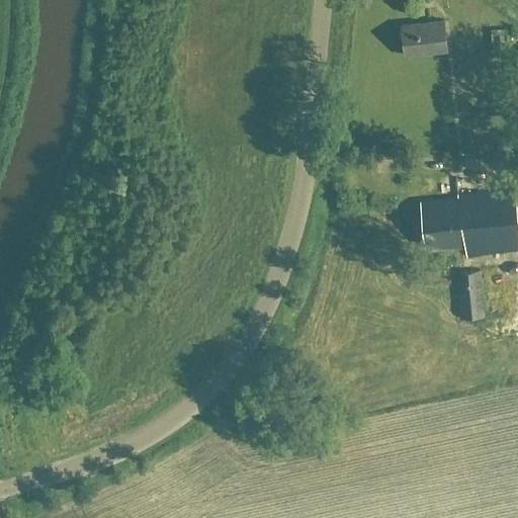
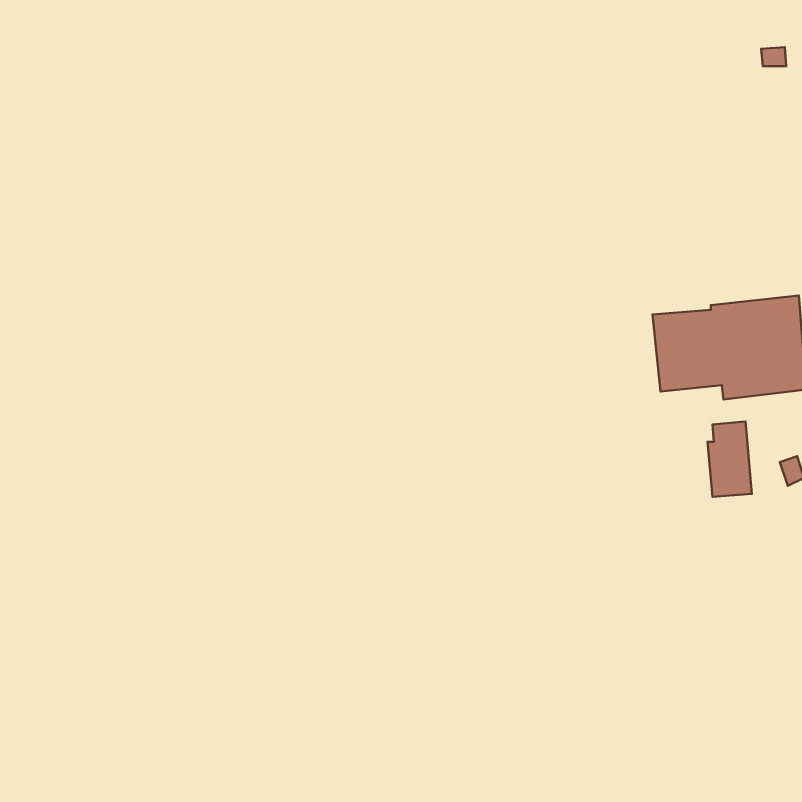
building: [403,21,448,56] -> none

